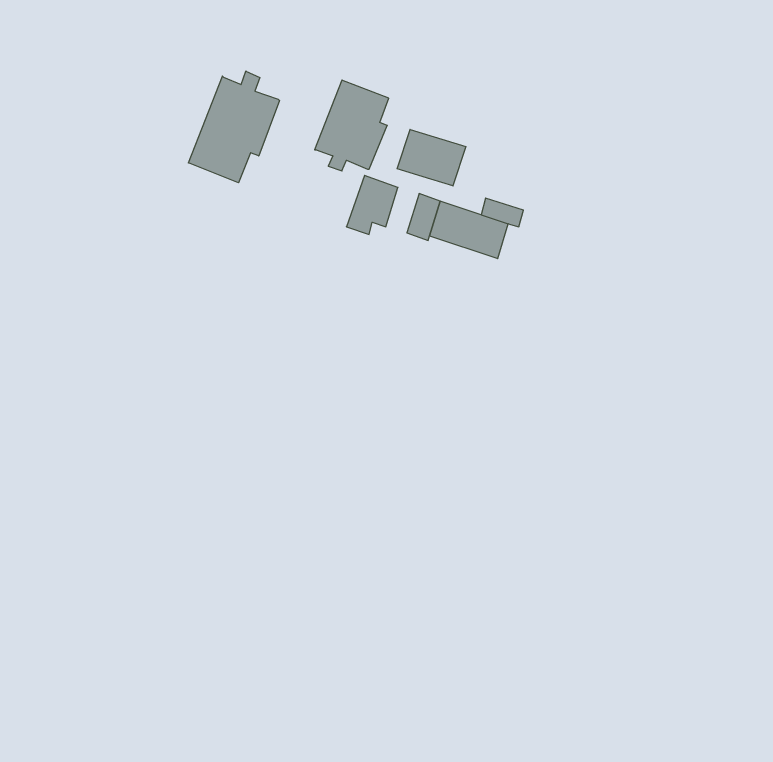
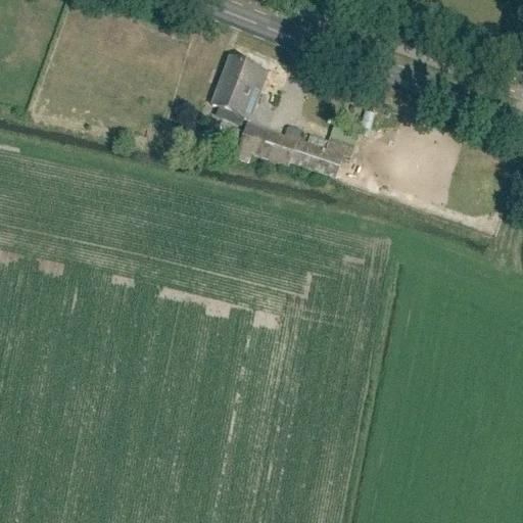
building: [188,71,279,183] -> none
building: [397,129,466,186] -> none

